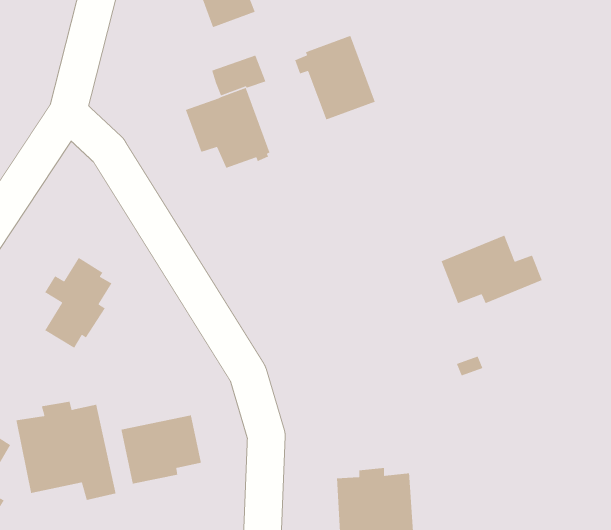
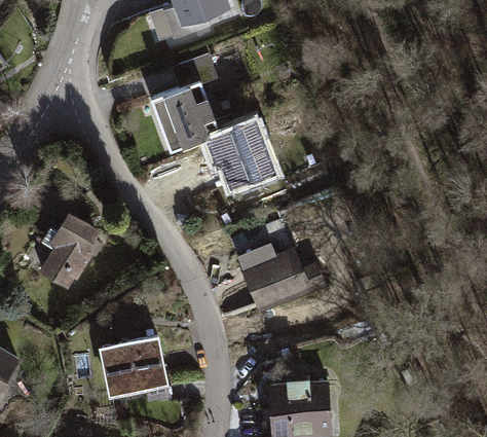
building: [294,35,376,120] -> [209,121,272,188]
building: [440,235,543,304] -> [244,249,324,303]
building: [15,401,116,501] -> none

